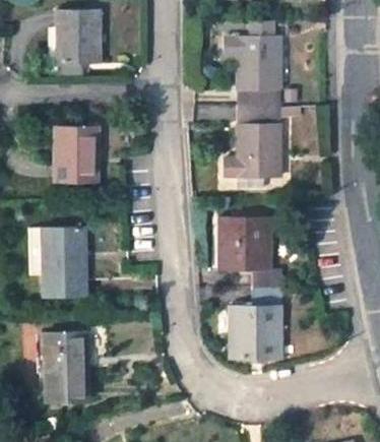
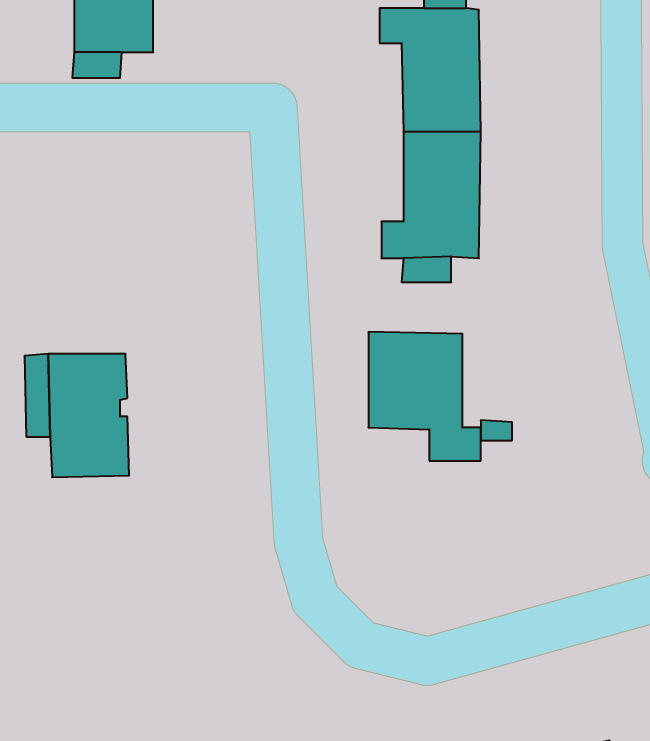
building: [55,127,100,182] -> none
building: [230,287,281,358] -> none
building: [45,332,88,399] -> none

